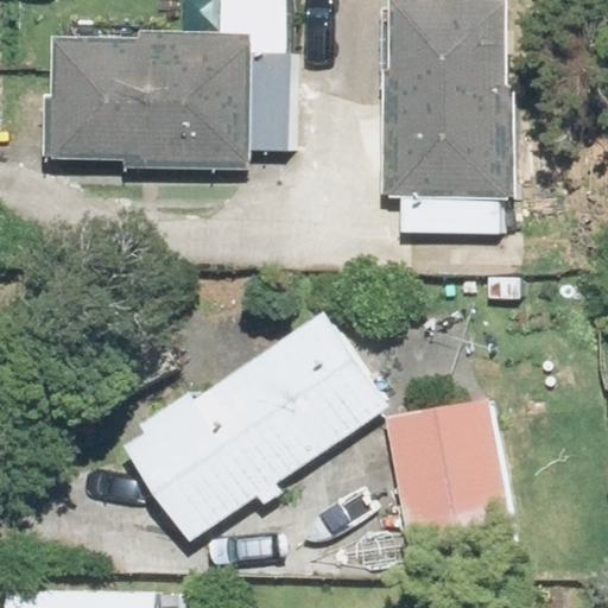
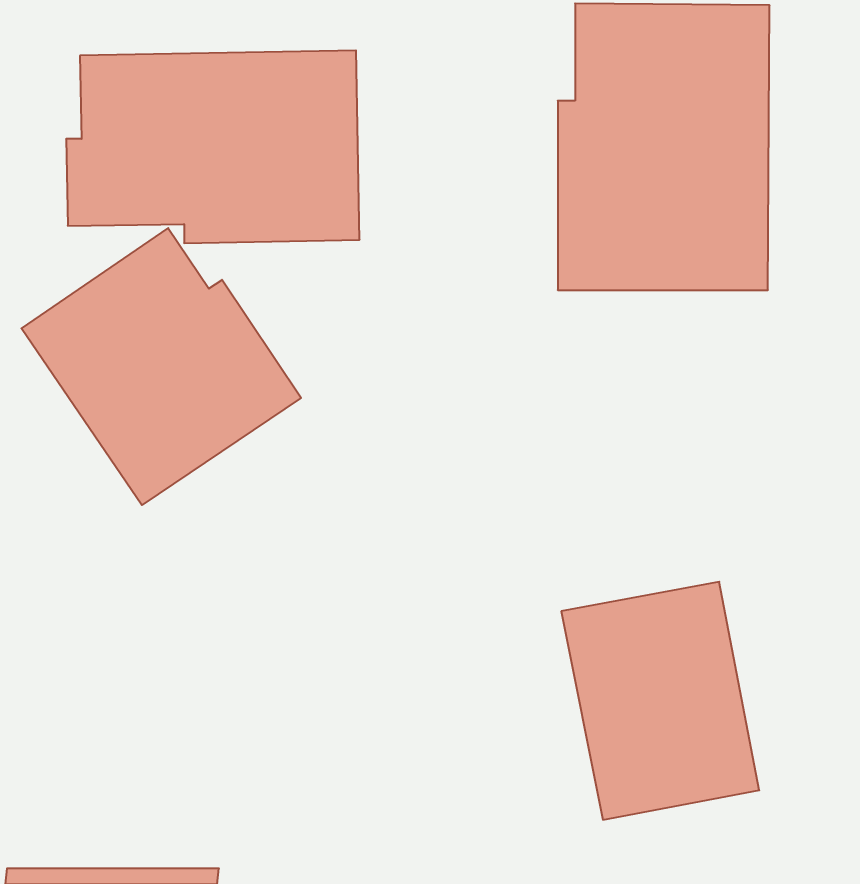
building: none -> [21,228,301,505]
building: [127,311,390,539] -> none

